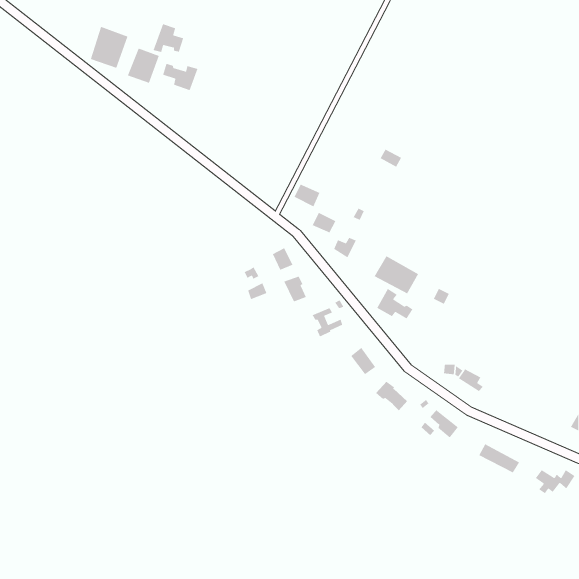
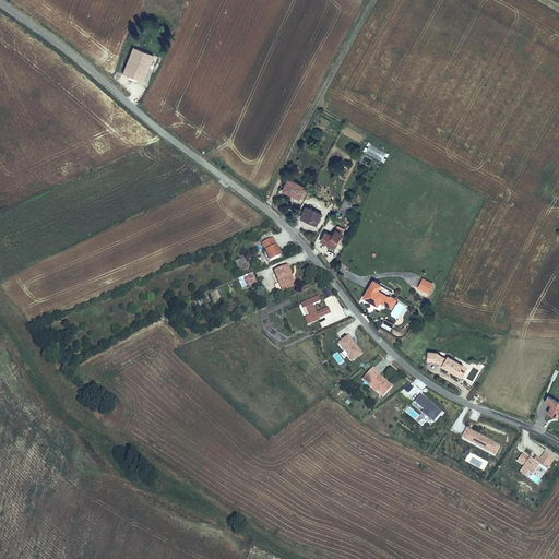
building: [152,23,184,53] -> none
building: [90,26,128,69] -> none
building: [162,63,199,91] -> none
building: [374,255,419,295] -> none

